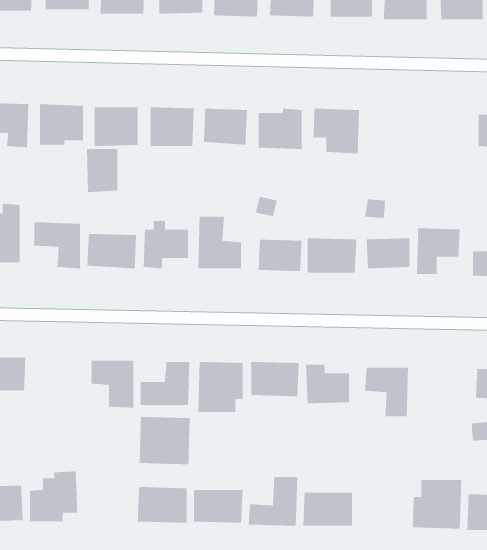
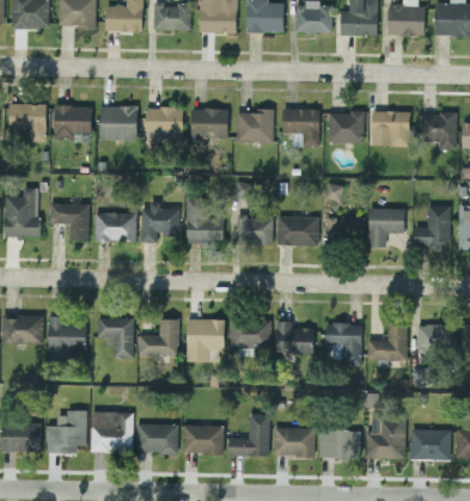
building: none -> [371,111,409,147]
building: none -> [328,112,364,143]
building: [86,148,118,193] -> none
building: none -> [47,317,85,350]
building: none -> [367,323,407,361]
building: [139,416,191,465] -> [90,411,133,452]
building: none -> [318,429,360,459]

